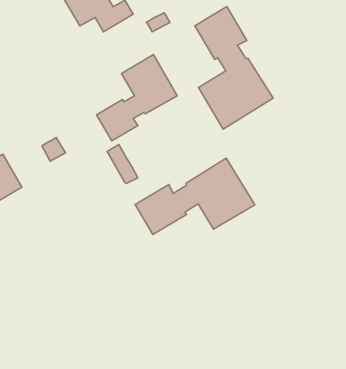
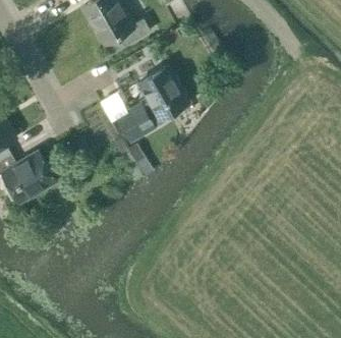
building: [195,7,273,129] -> none
building: [135,158,255,235] -> none

